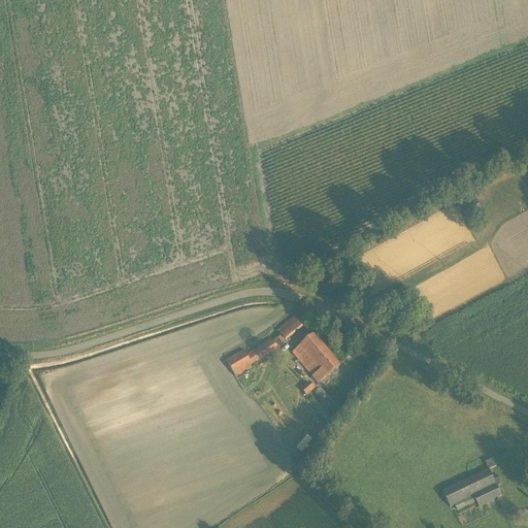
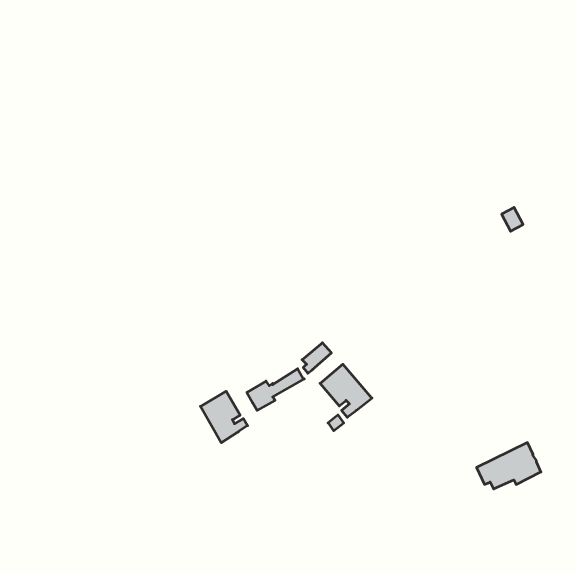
building: none -> [200,391,248,443]
building: [442,467,501,509] -> [477,443,541,489]

